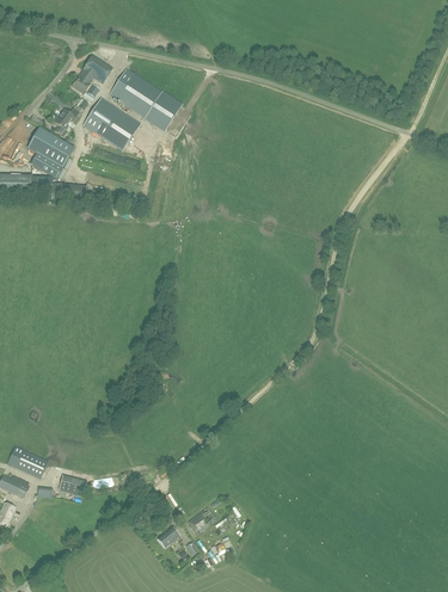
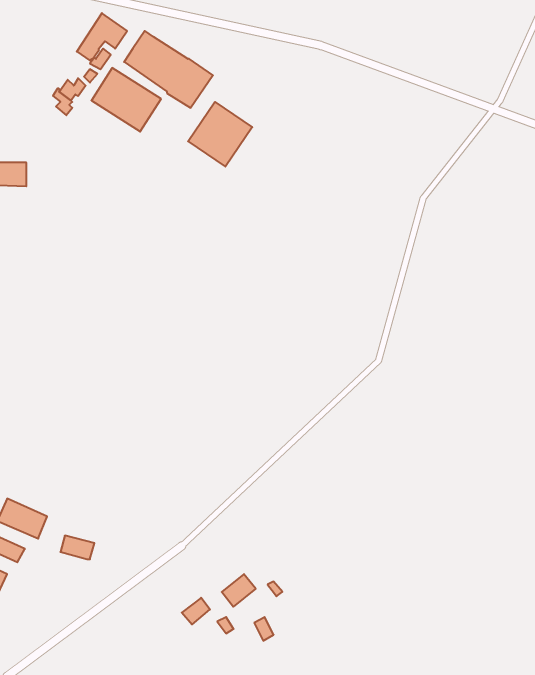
building: none -> [188,102,252,167]
building: [27,127,73,178] -> none

